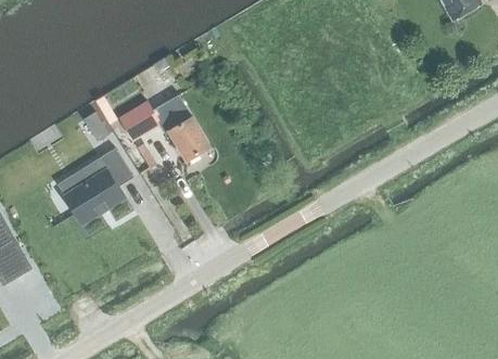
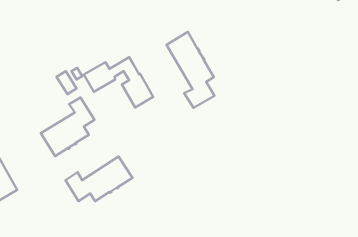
building: none -> [166,32,214,108]
building: none -> [65,157,133,201]

